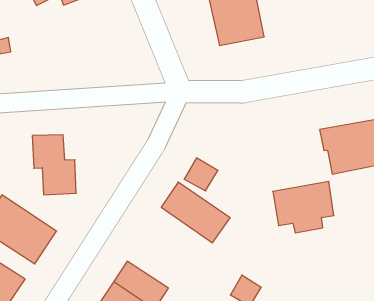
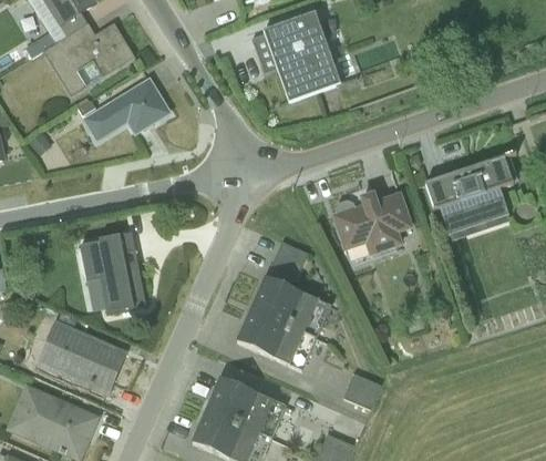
building: none -> [81,78,172,144]
building: [273,181,334,233] -> [334,187,412,255]
building: none -> [234,306,316,368]

